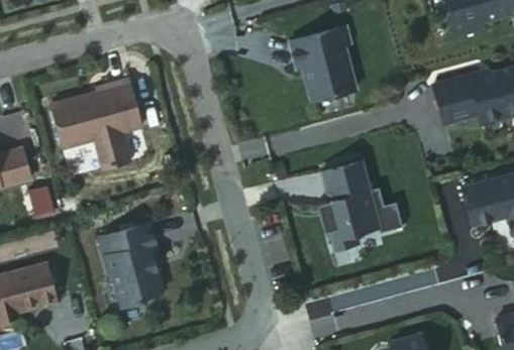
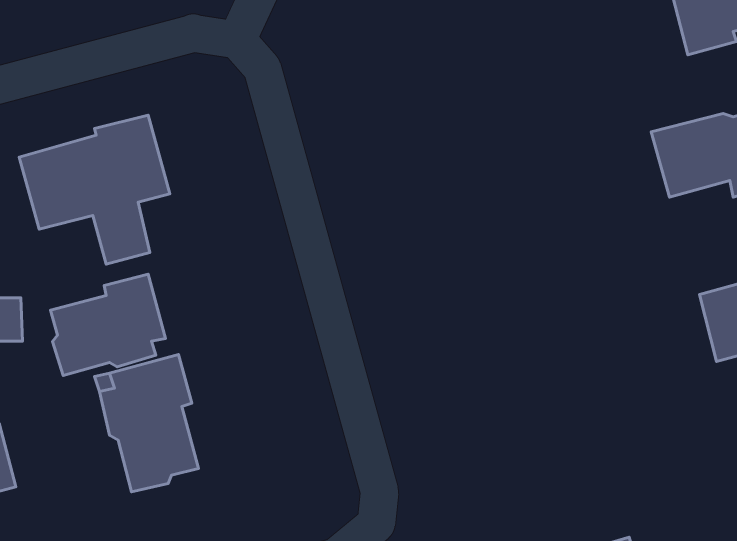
building: [290,27,355,101] -> none
building: [316,160,403,249] -> none
building: none -> [50,274,165,375]

